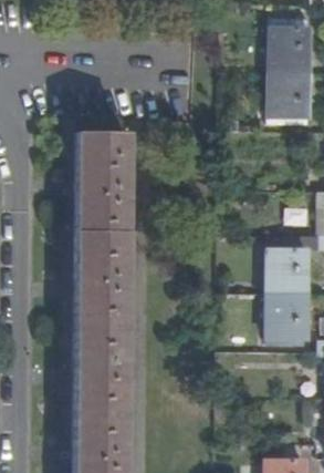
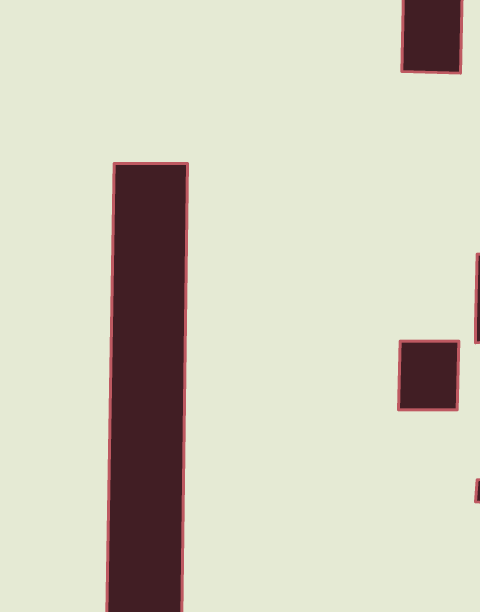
building: [271,72,310,123] -> none
building: [269,296,307,340] -> none

